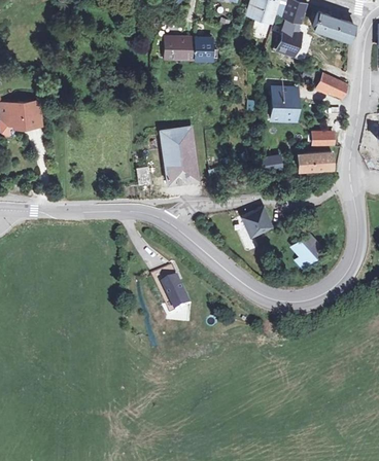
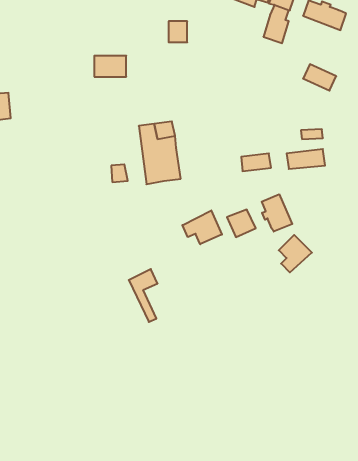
building: [159,33,188,52] -> [94,56,126,77]
building: [274,86,297,119] -> none
building: none -> [262,194,292,232]
building: none -> [182,210,222,244]
building: [165,278,191,311] -> none

